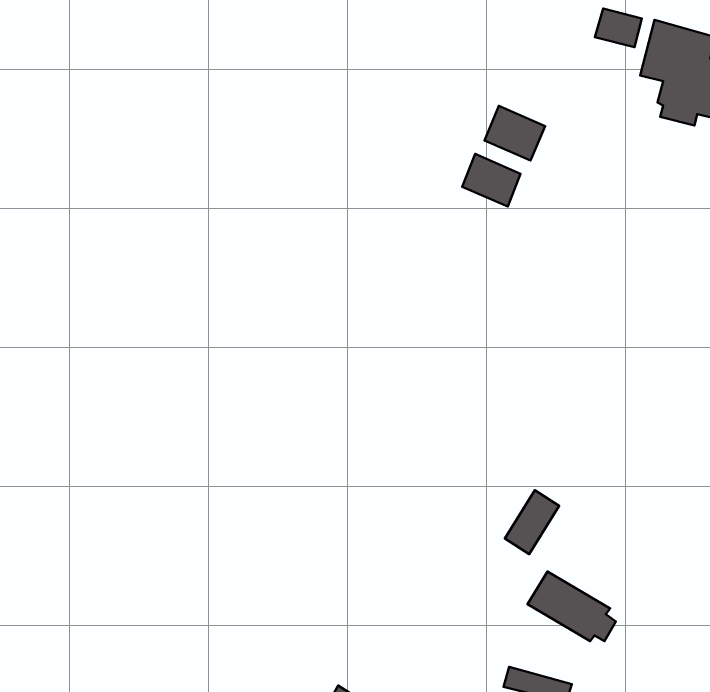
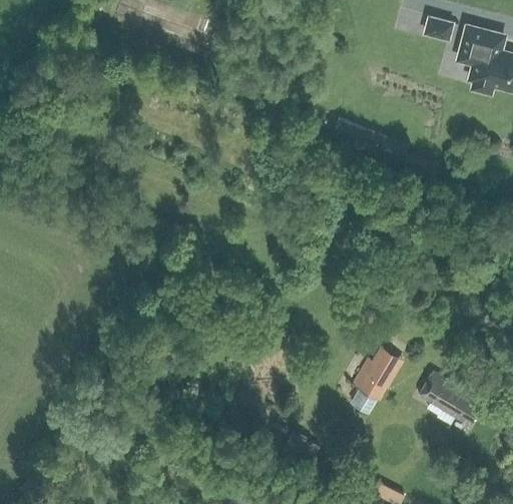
building: [484,106,545,161] -> none
building: [527,572,616,641] -> [420,373,482,422]

